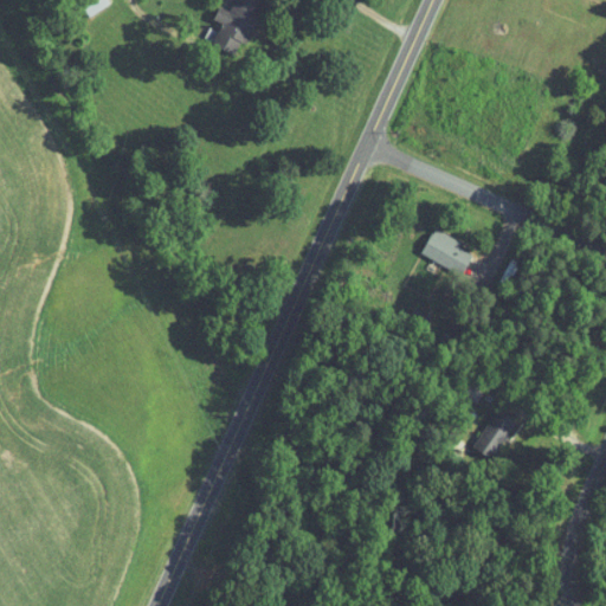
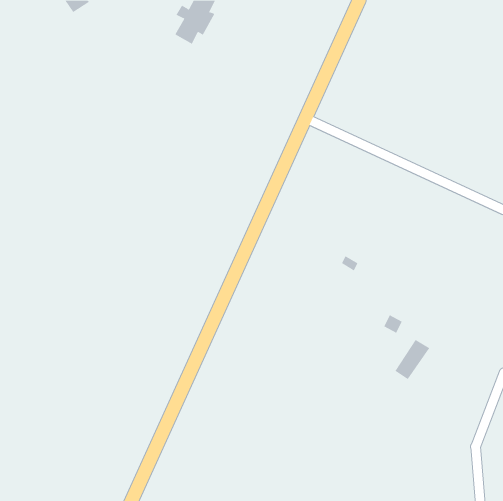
building: [423,230,475,273] -> none

